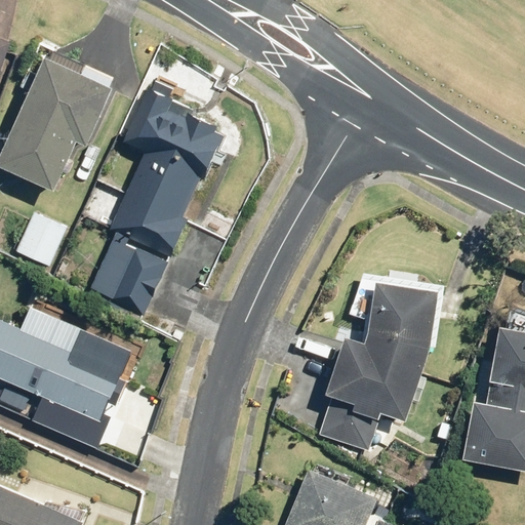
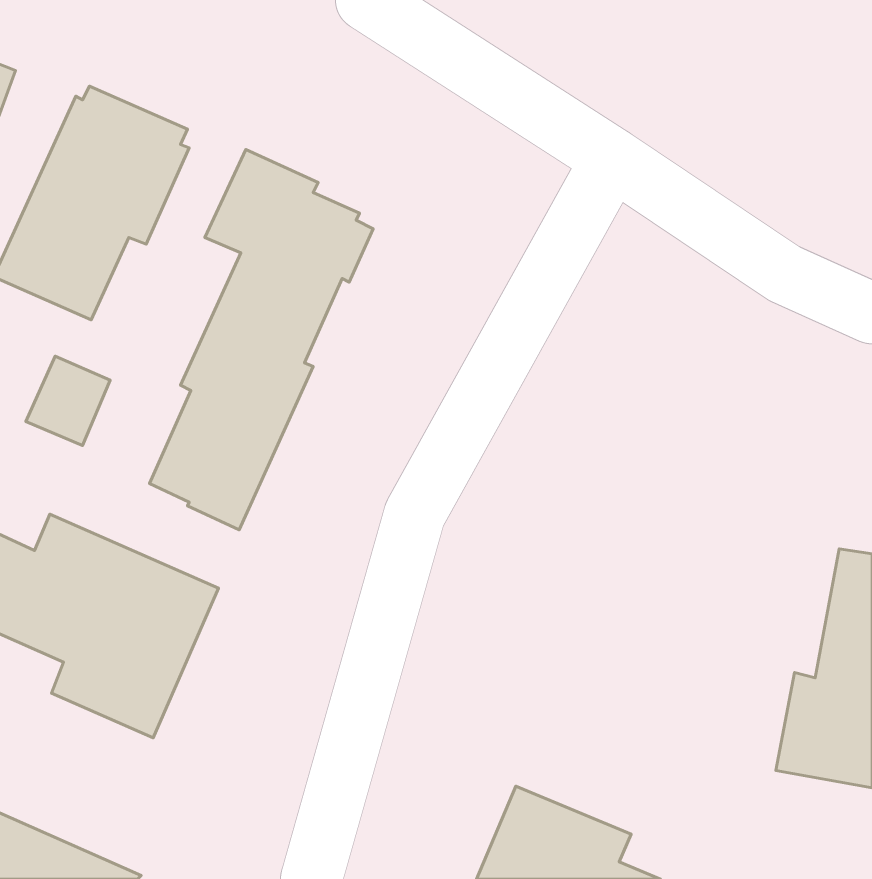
building: [317,282,438,451] -> none

